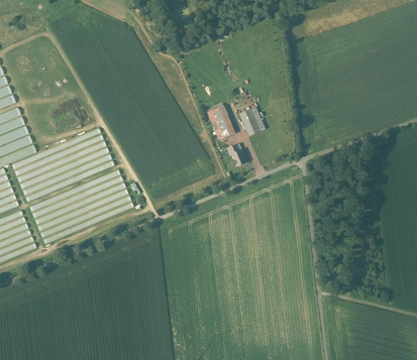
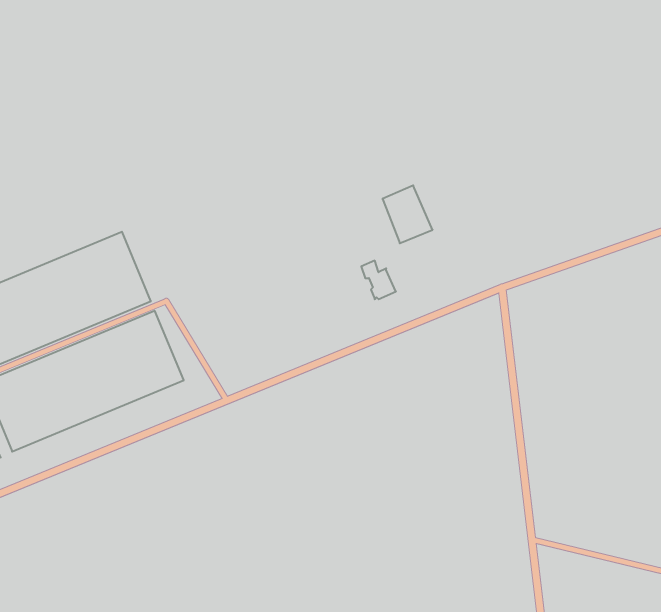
building: [206,103,233,137] -> none

